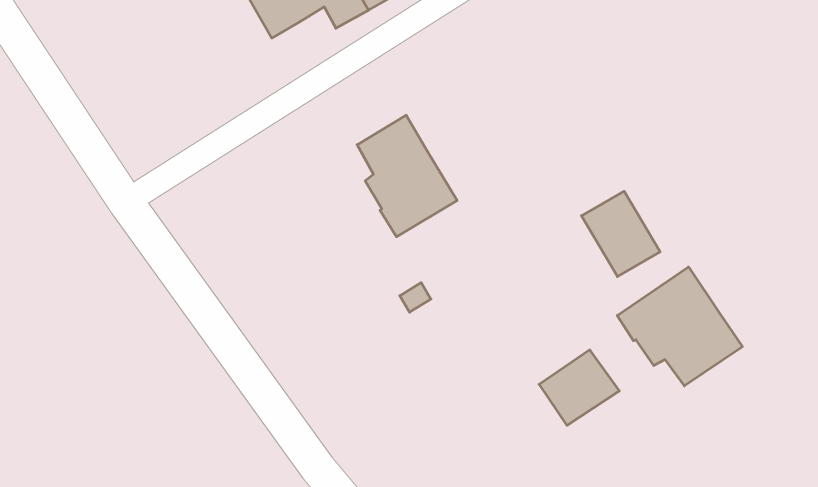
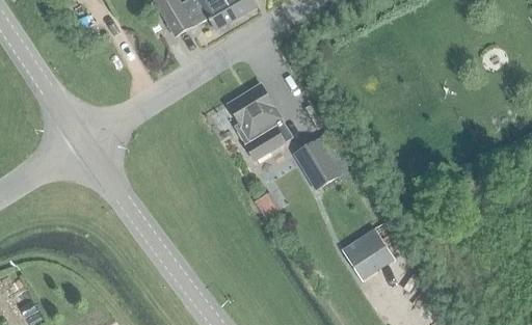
building: [581,191,660,277] -> [292,136,342,190]
building: [617,267,742,386] -> none

